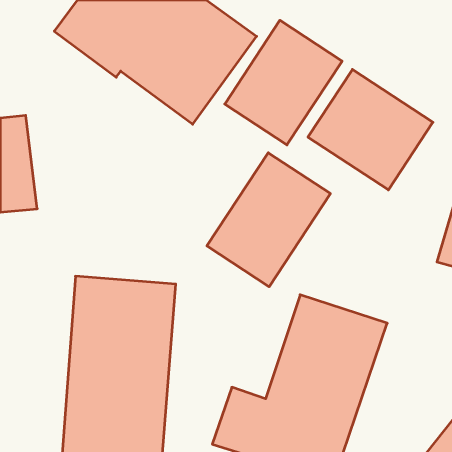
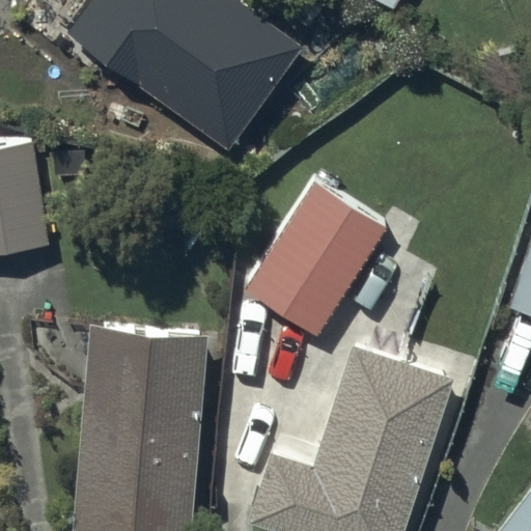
building: [225,20,342,145] -> none
building: [308,69,433,190] -> none

